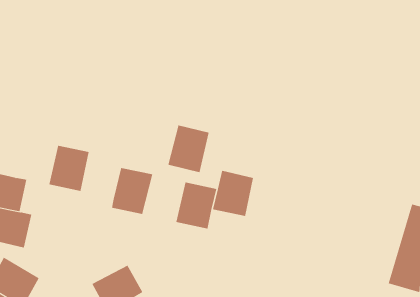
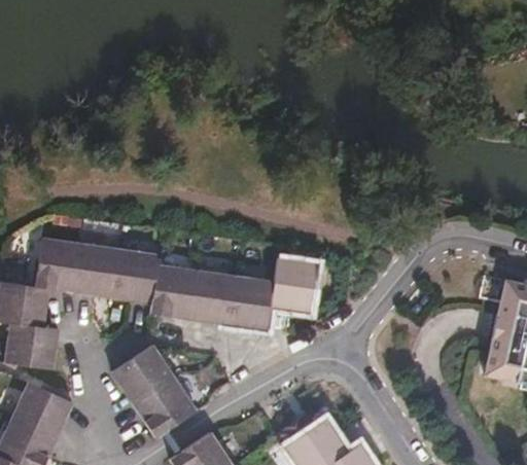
building: [168,125,209,173] -> [188,270,235,324]
building: none -> [35,238,81,291]
building: none -> [113,249,160,302]
building: none -> [111,344,175,404]

